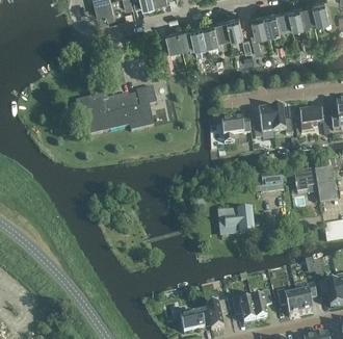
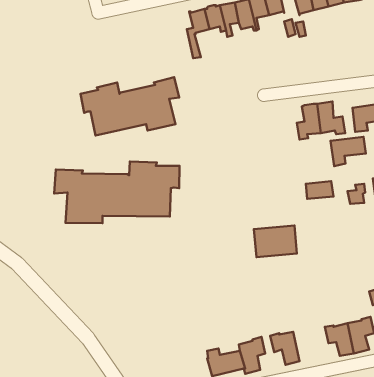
building: [220,119,249,142] -> [330,137,366,166]
building: none -> [54,162,179,223]
building: [249,290,270,319] -> none

